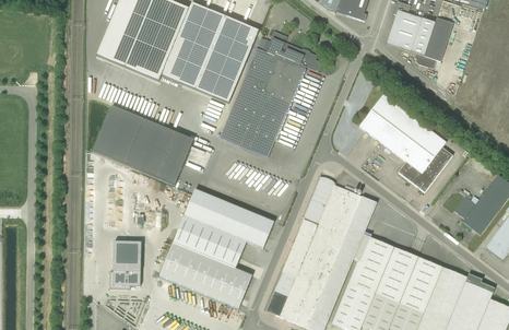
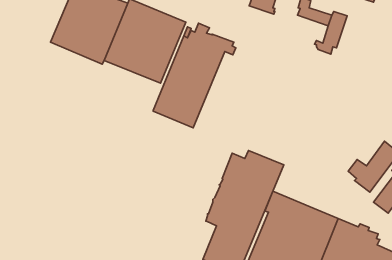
building: [387,22,430,56] -> none
building: [359,94,452,192] -> none
building: [95,105,194,185] -> none
building: [159,189,274,307] -> none
building: [110,239,143,287] -> none

